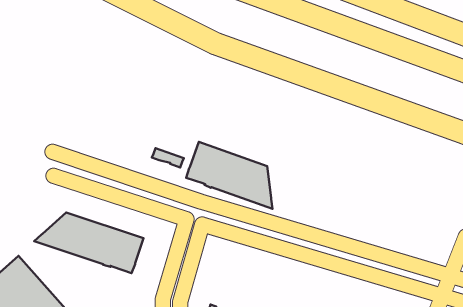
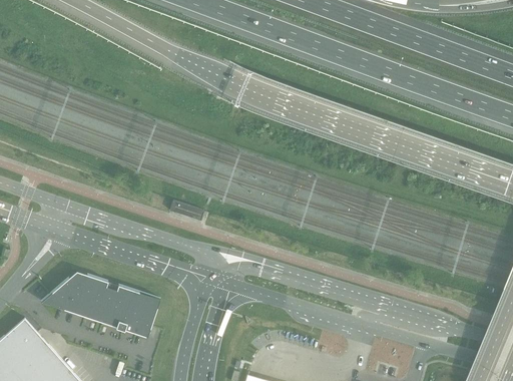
building: [186,142,273,209] -> none

